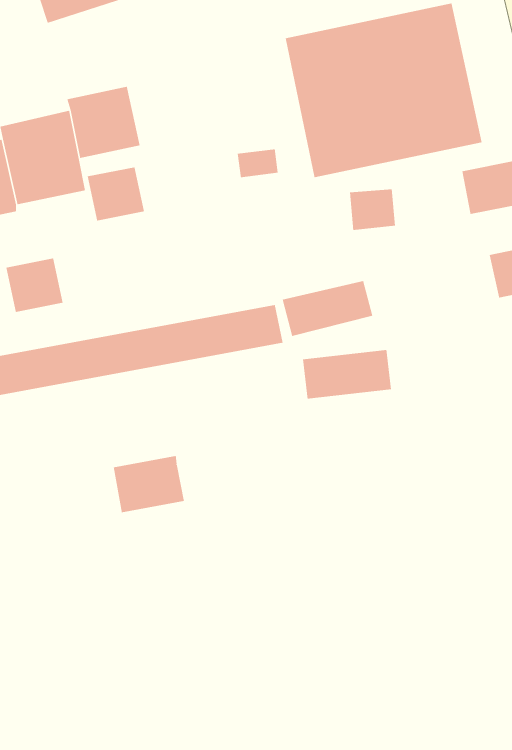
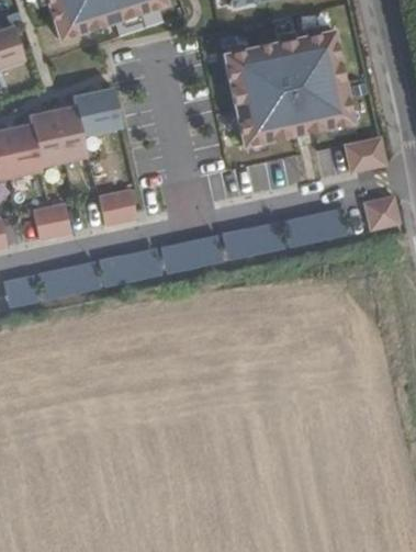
building: [87,167,145,221] -> [98,190,137,227]
building: [302,349,392,399] -> [282,209,344,243]
building: [113,455,185,513] -> none

